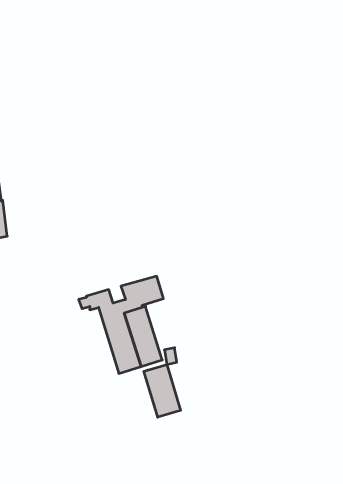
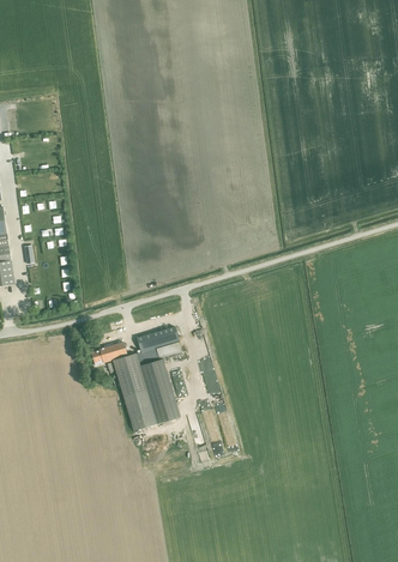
building: [144,364,181,417] -> none

